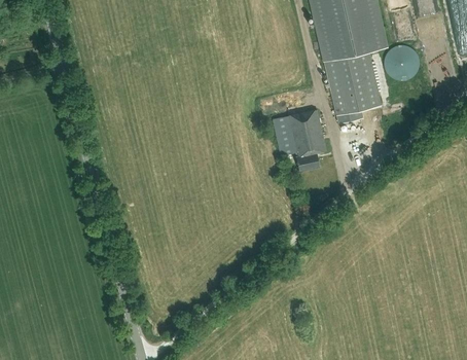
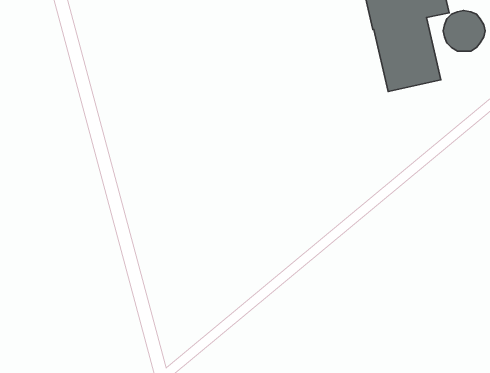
building: [274,110,326,170] -> none

